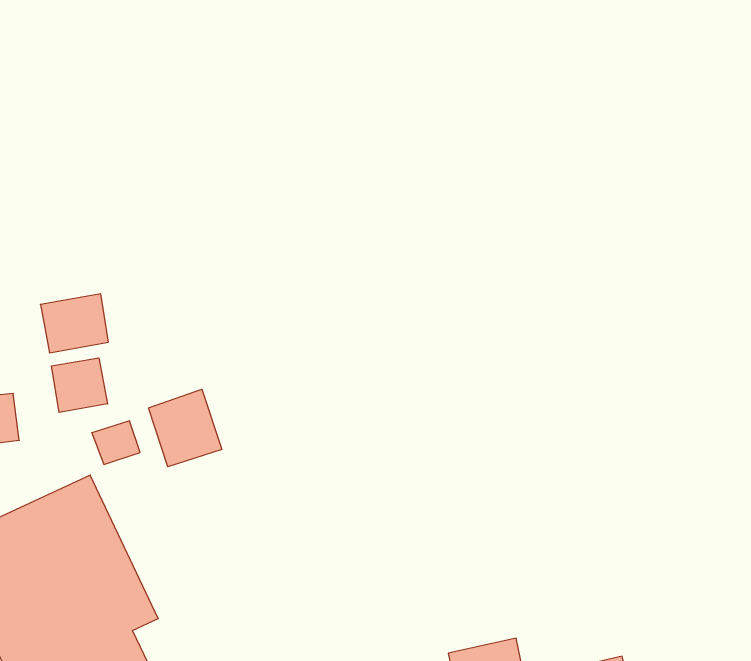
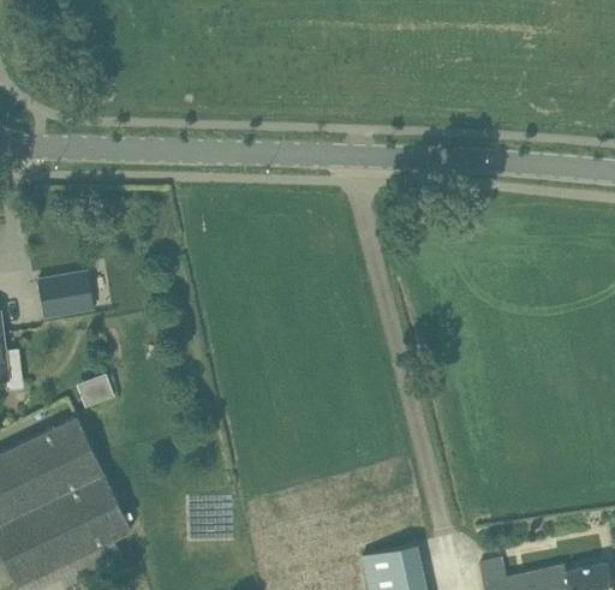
building: [51,358,108,412] -> none
building: [149,389,222,467] -> none

